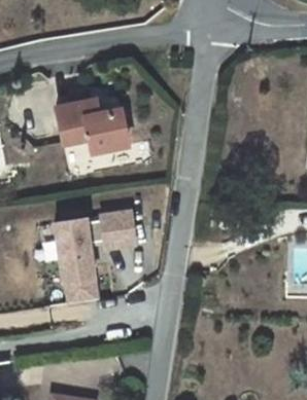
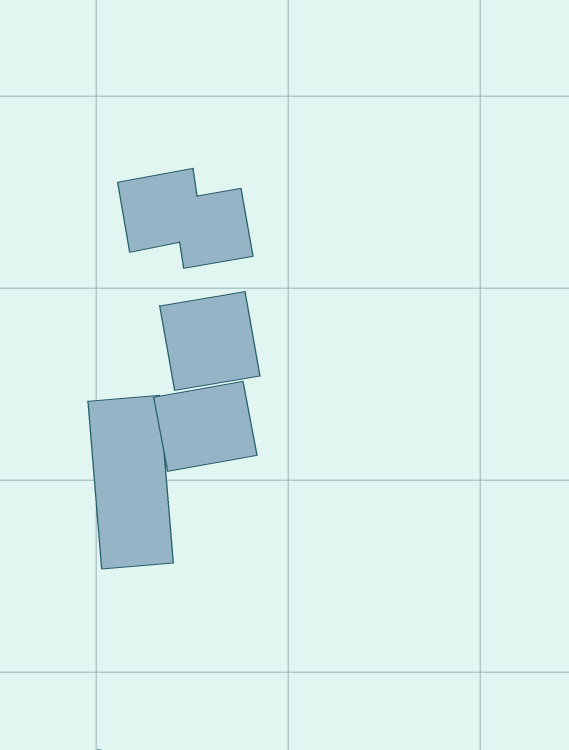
building: none -> [160,291,260,390]

